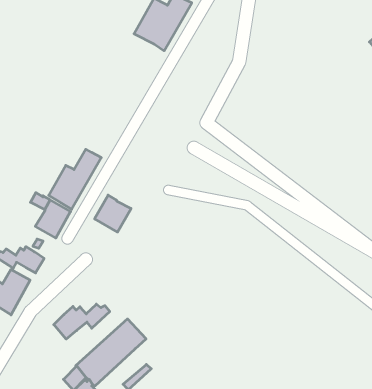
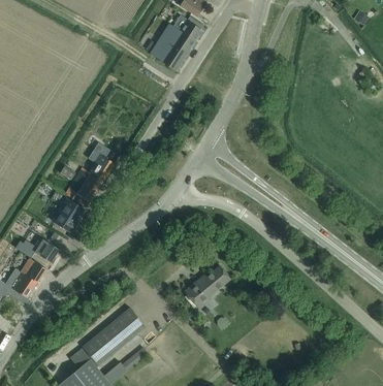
building: [95,195,131,232] -> none
building: none -> [184,265,230,307]
building: [54,304,110,339] -> none

